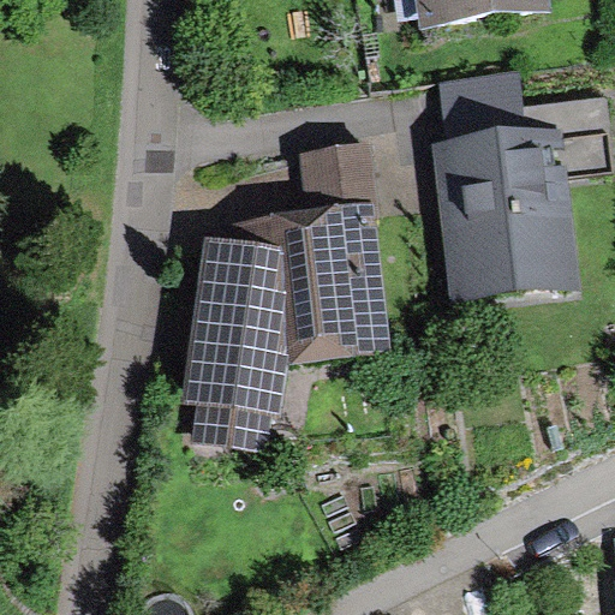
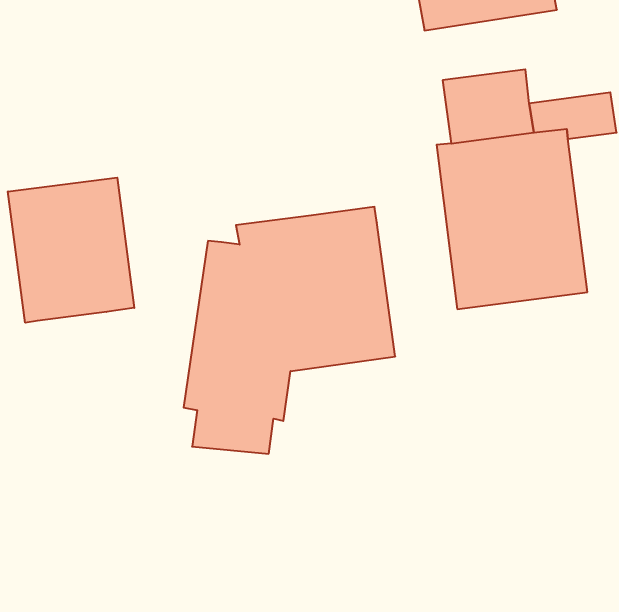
building: [299,142,380,220] -> none
building: none -> [8,178,134,323]

